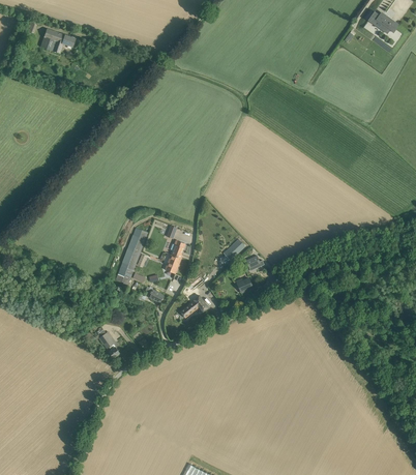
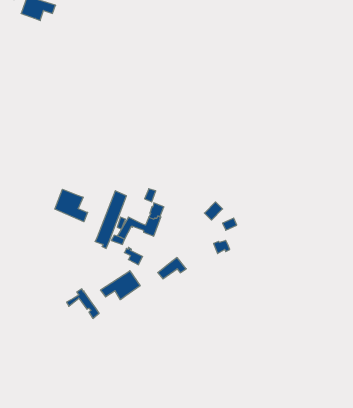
building: none -> [55,189,88,222]
building: none -> [101,271,140,300]

